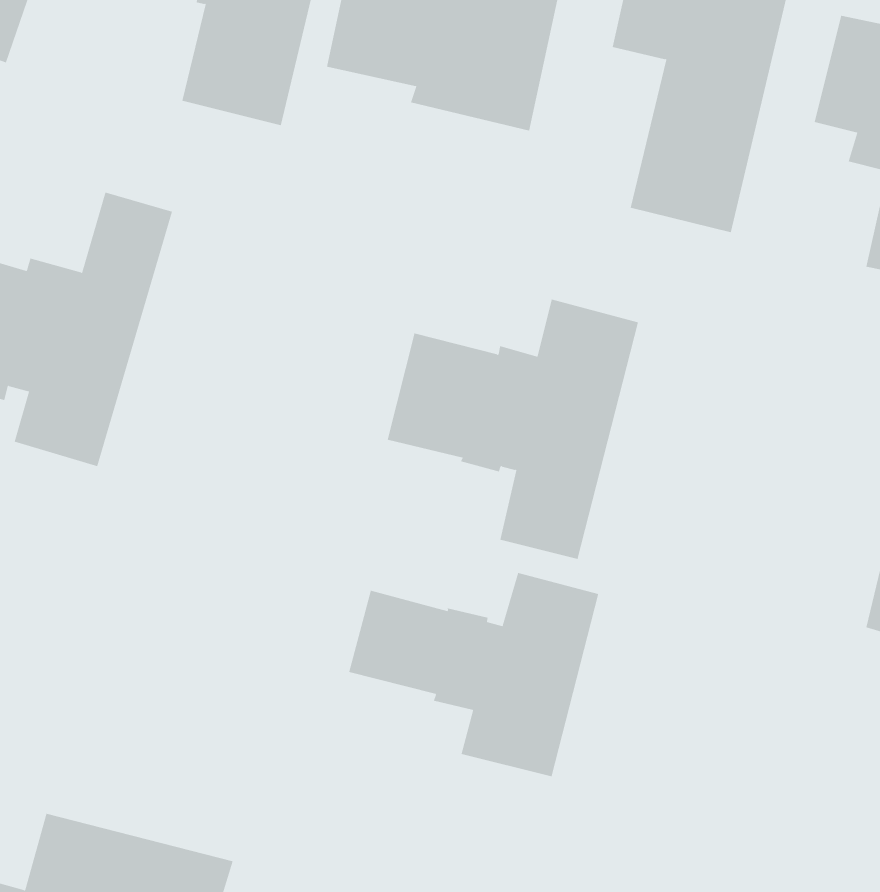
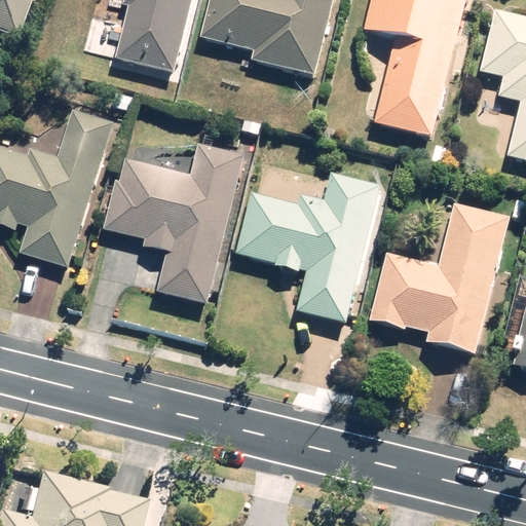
building: none -> [105,142,238,303]
building: none -> [371,202,509,352]
building: [349,572,599,777] -> none

